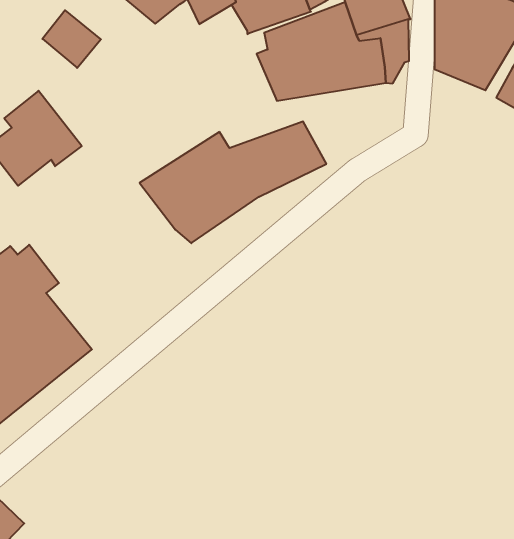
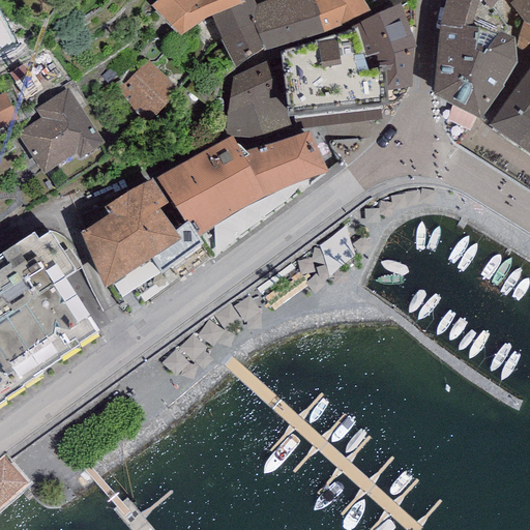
building: none -> [220,20,264,64]
building: [42,10,101,68] -> [124,59,178,113]
building: none -> [225,59,292,137]
building: none -> [80,178,203,289]

